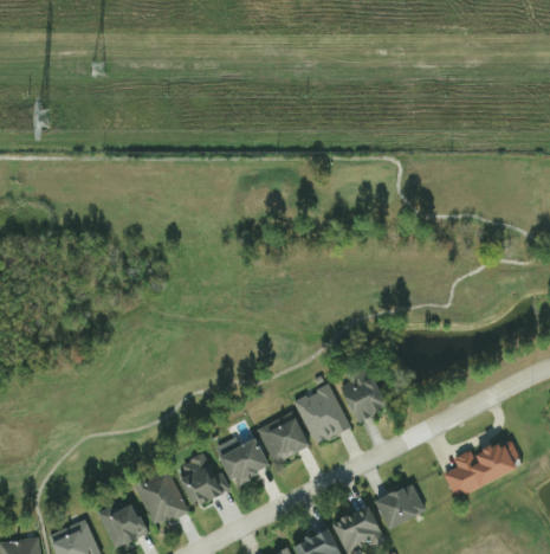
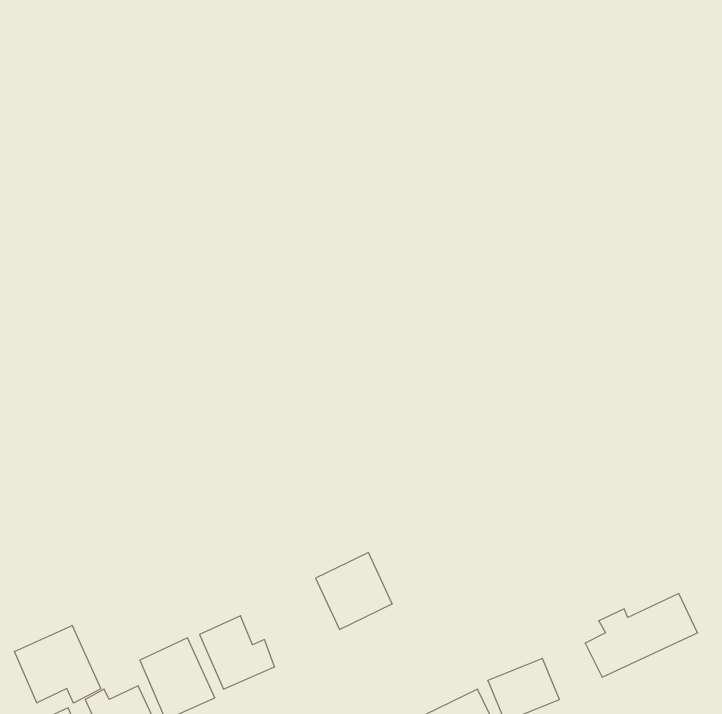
building: [339,369,389,421] -> none
building: [293,384,350,444] -> none
building: [216,437,271,484] -> none
building: none -> [15,625,101,703]

